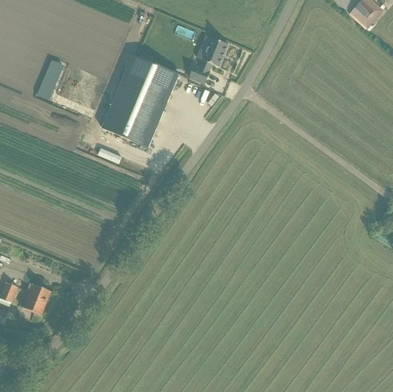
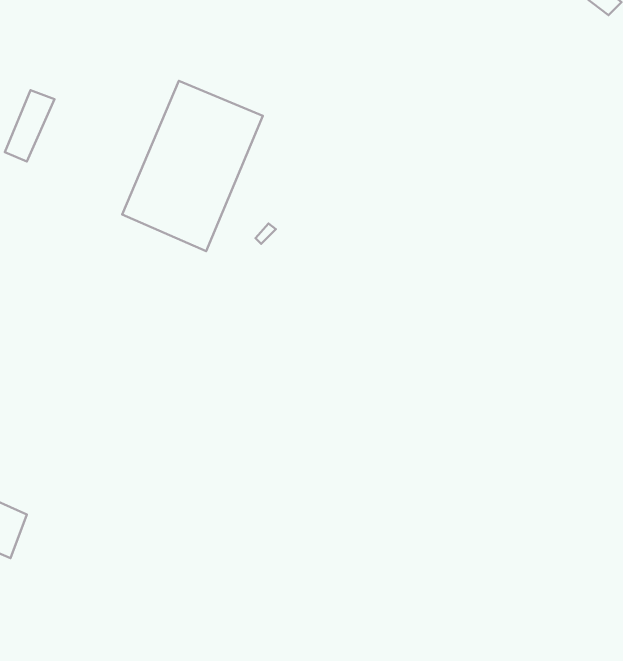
building: [188,38,228,85] -> none

